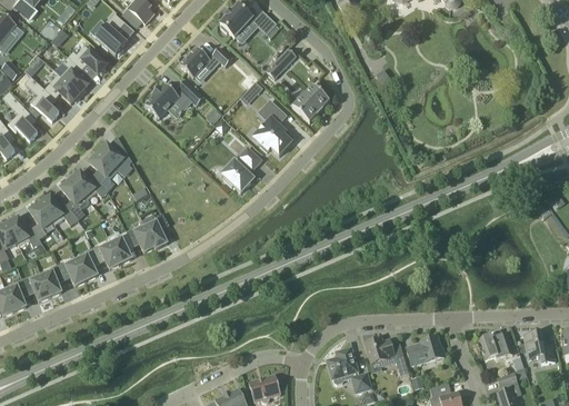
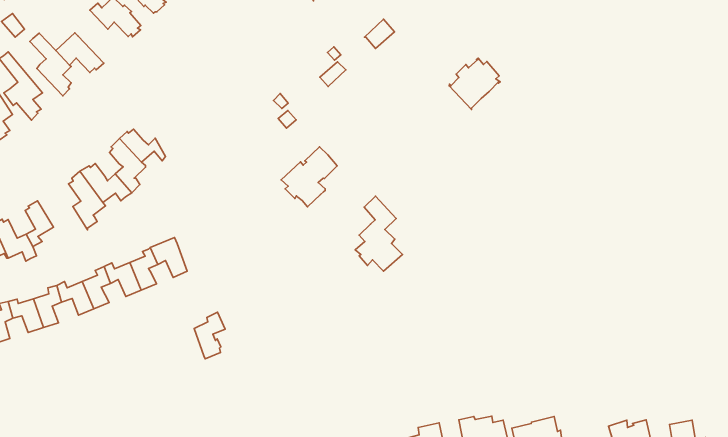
building: [180,47,232,78] -> none
building: [60,57,88,96] -> none
building: [144,80,204,118] -> none
building: [292,85,330,123] -> [449,58,500,110]
building: [257,100,292,156] -> [355,196,403,271]
building: [39,197,78,226] -> none
building: [146,214,169,249] -> [194,312,225,359]

